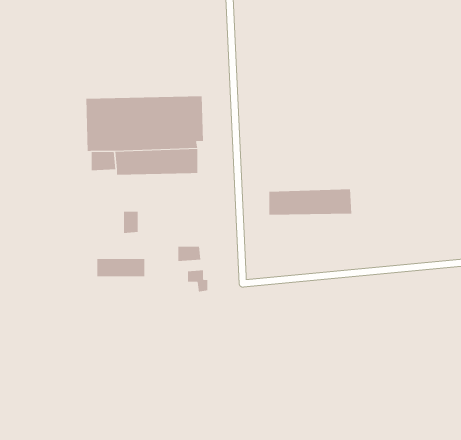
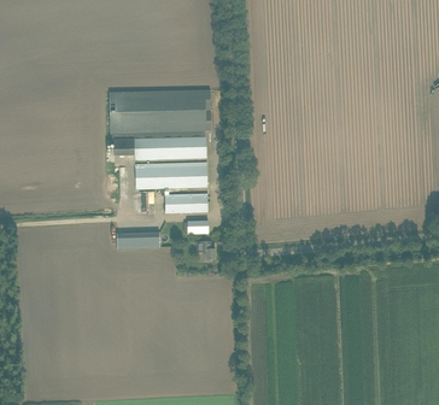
building: [269,189,352,215] -> [135,164,207,187]
building: none -> [165,192,207,211]

